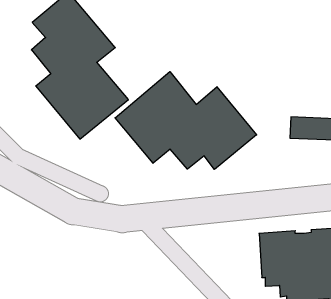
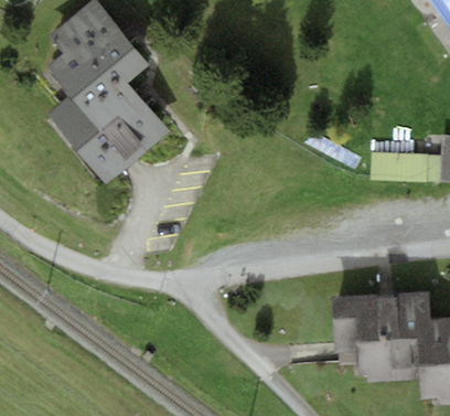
building: [115,72,257,169] -> none

